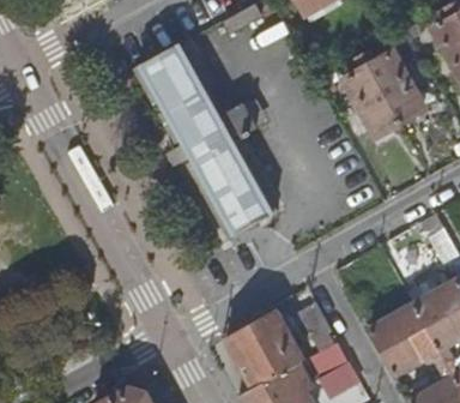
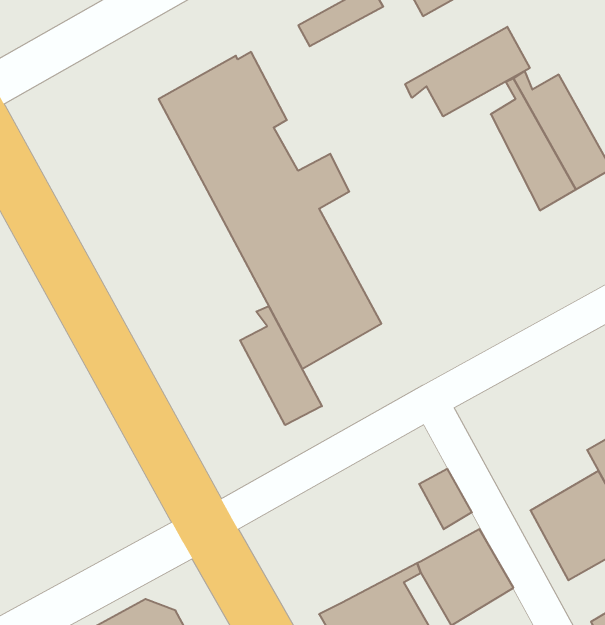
building: none -> [405,27,530,116]
building: none -> [240,306,322,425]
building: [225,311,302,387] -> none

